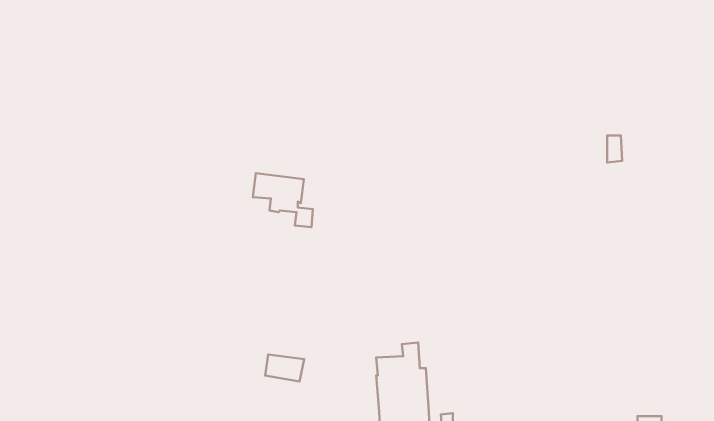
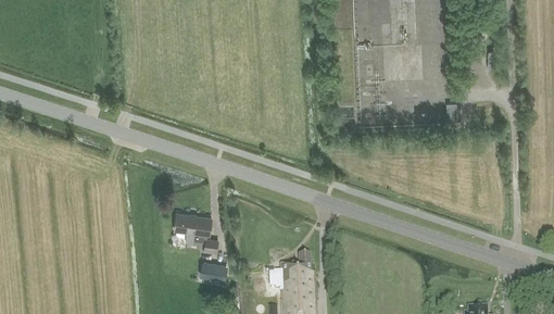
building: [253,173,313,227] -> [173,213,216,252]

